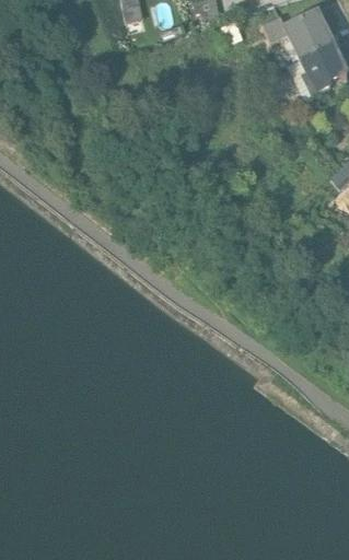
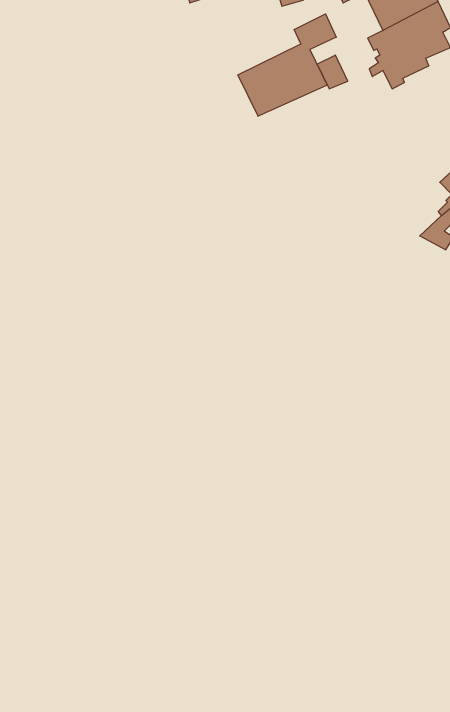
building: none -> [238,14,336,116]

